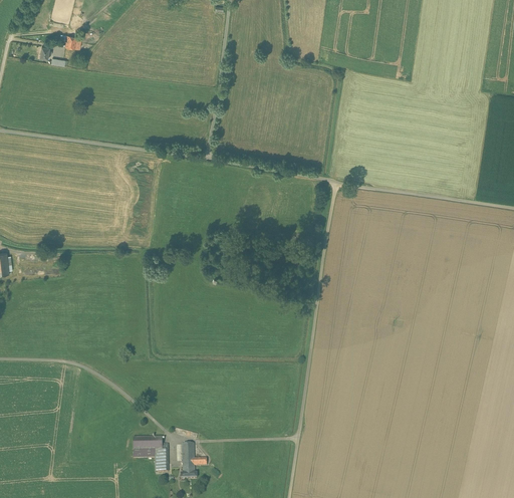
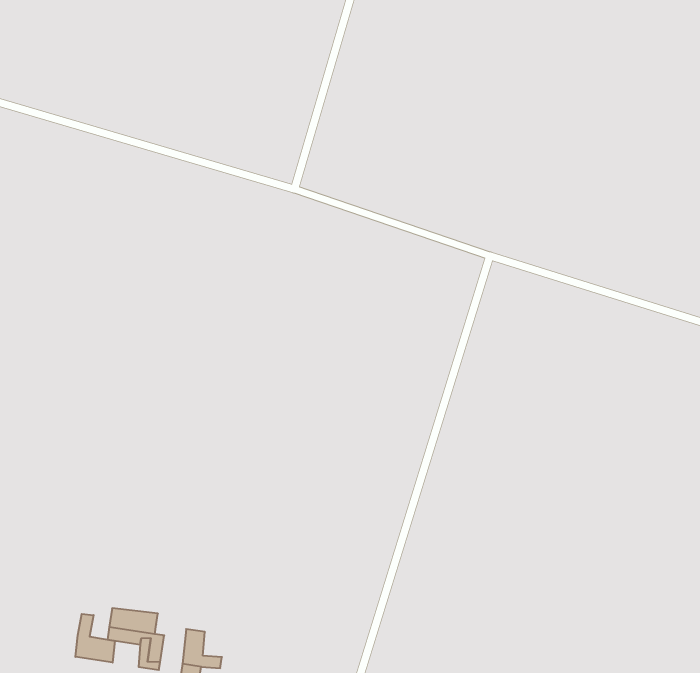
building: none -> [75,614,115,663]

